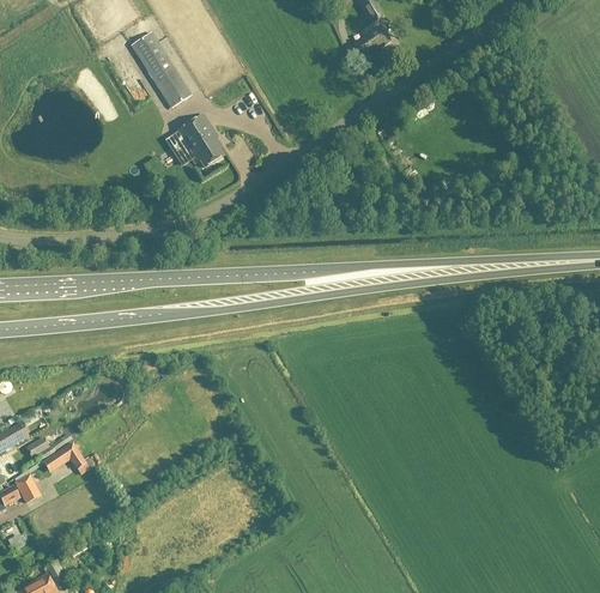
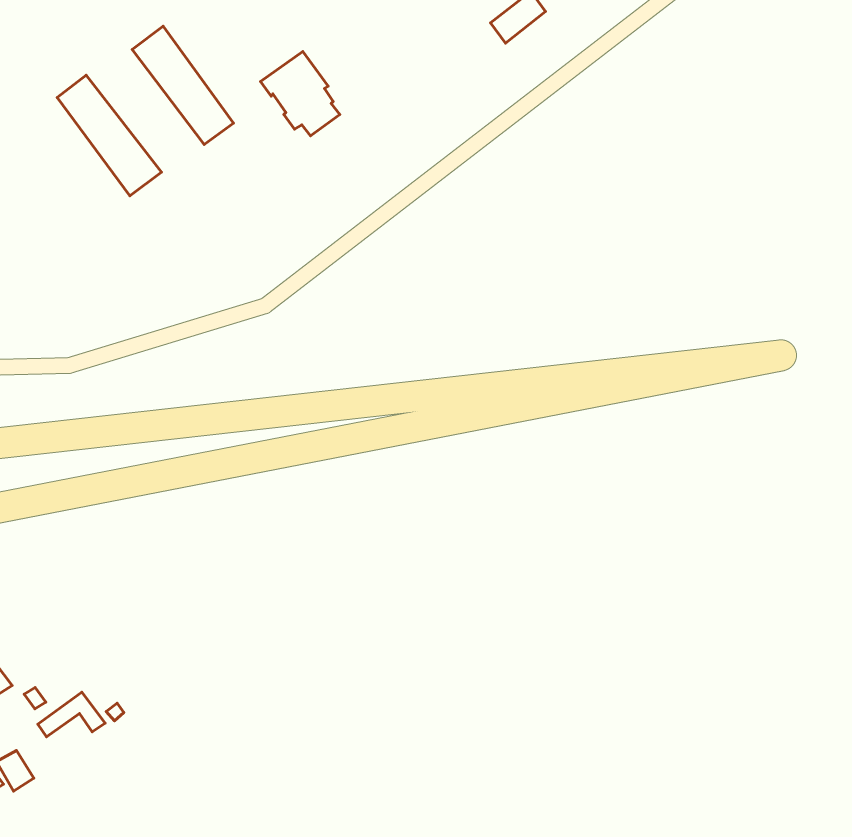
building: none -> [57,75,161,196]
building: [174,114,222,167] -> [260,51,340,136]

